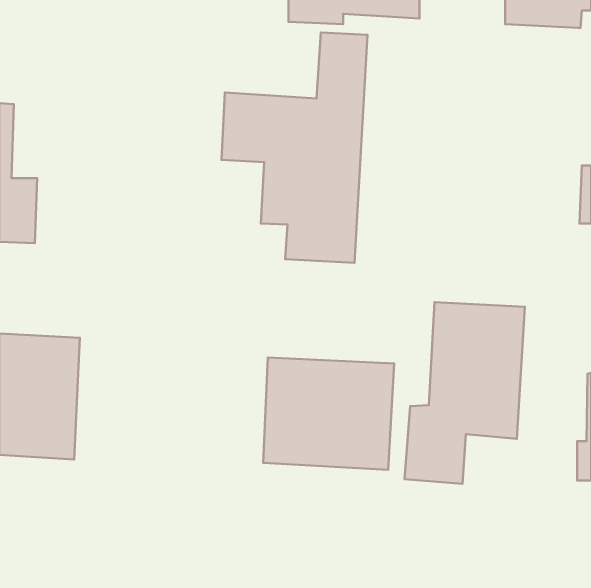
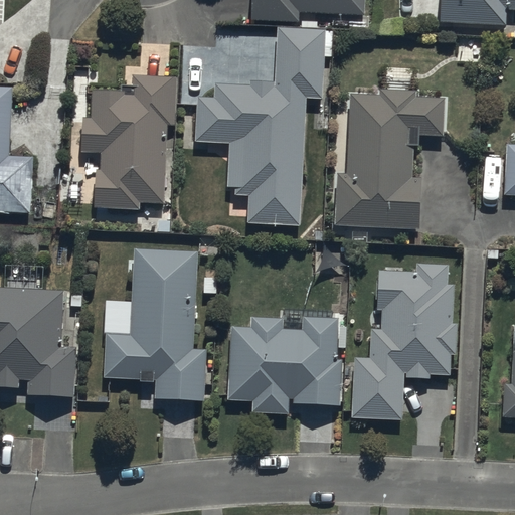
building: none -> [82,75,175,207]
building: none -> [338,88,447,230]
building: none -> [106,248,206,401]

